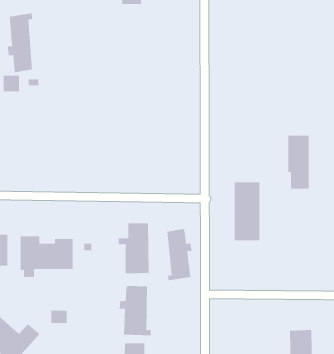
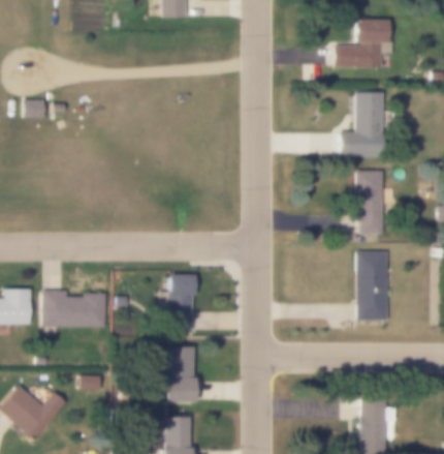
building: none -> [336,20,387,66]
building: [7,12,33,73] -> none
building: none -> [340,92,385,159]
building: [234,182,260,241] -> [357,252,388,322]
building: [167,228,192,281] -> none

